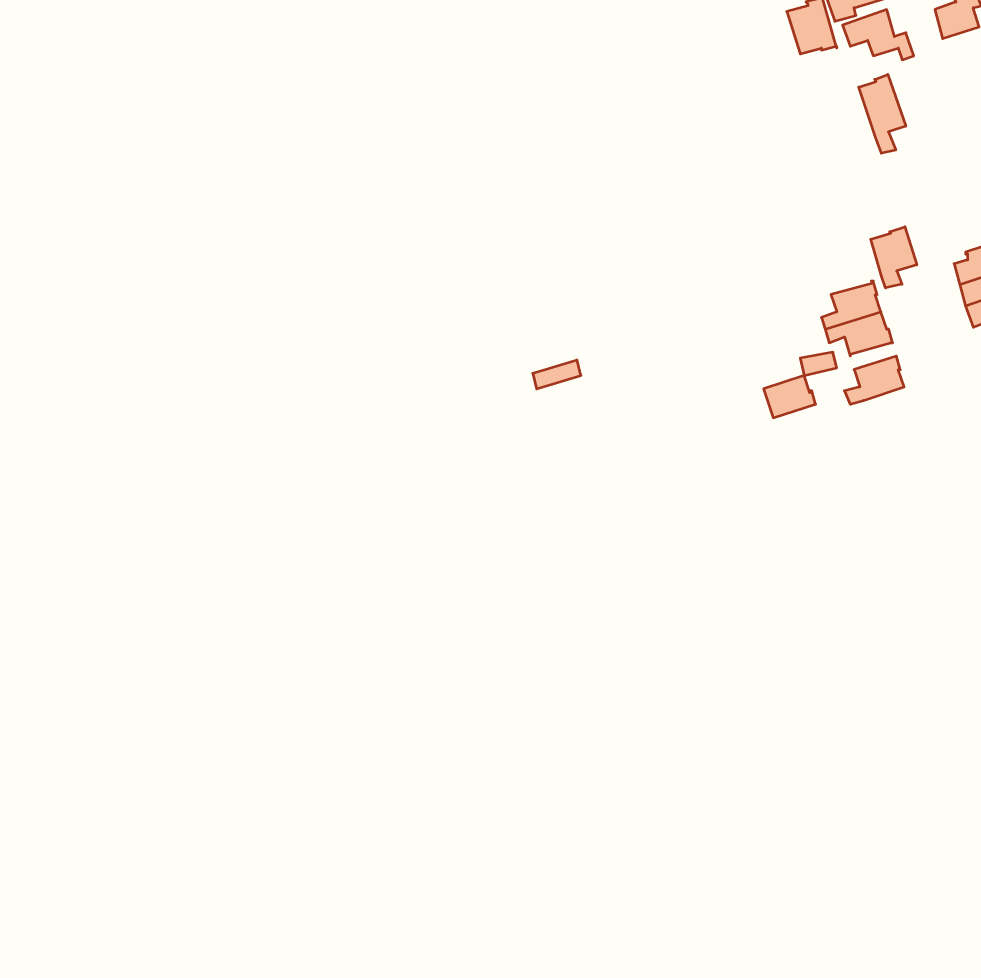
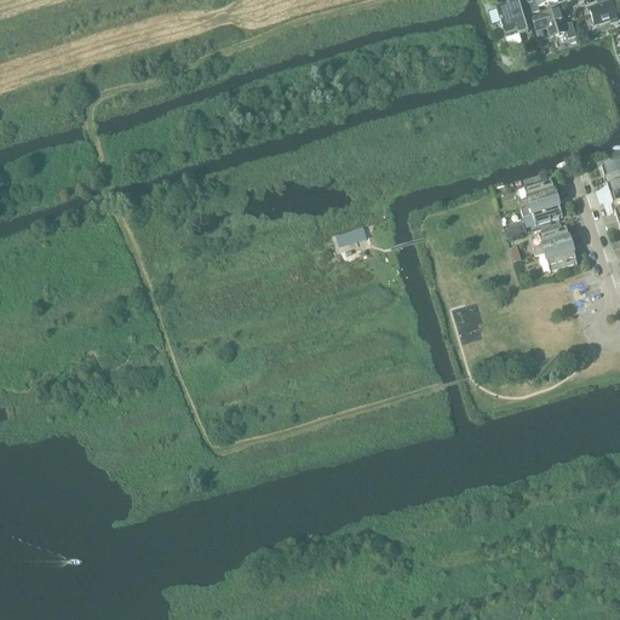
building: [859,74,906,153] -> none
building: [871,227,917,288] -> none
building: [764,375,816,418] -> [545,243,578,270]

